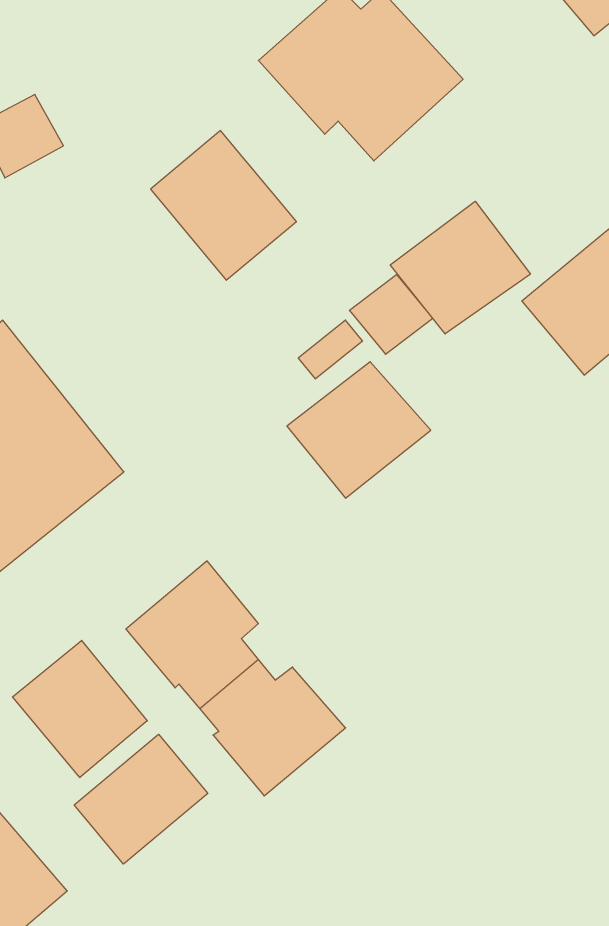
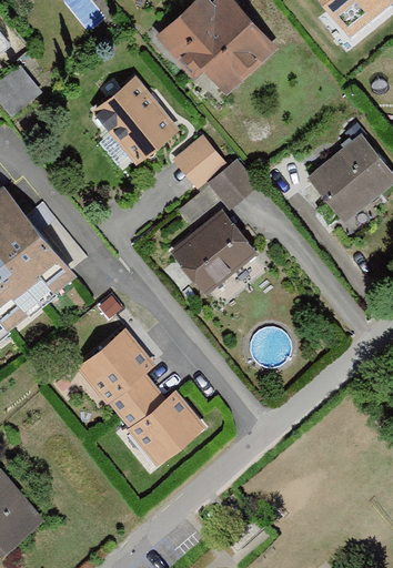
building: [390,201,530,334] -> none
building: none -> [173,135,224,186]
building: [12,640,147,778] -> none
building: [74,734,208,864] -> none

